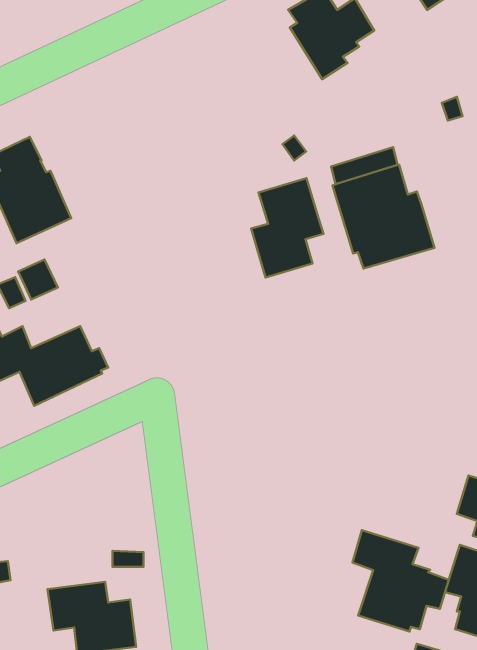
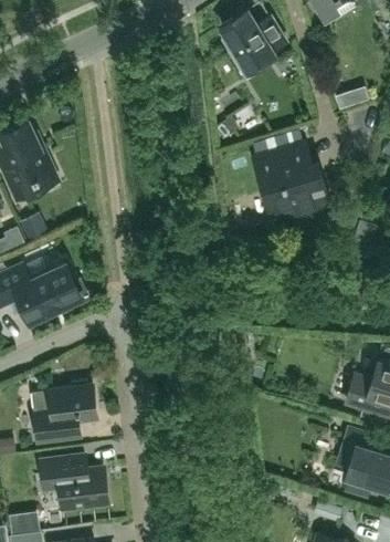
building: [251,178,323,278] -> none
building: none -> [31,382,97,442]
building: [353,530,449,632] -> none

